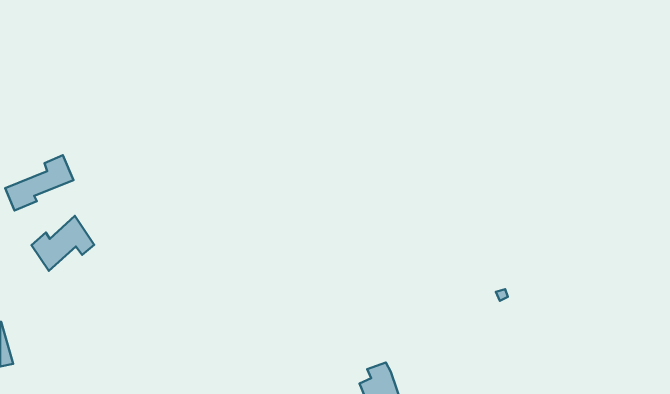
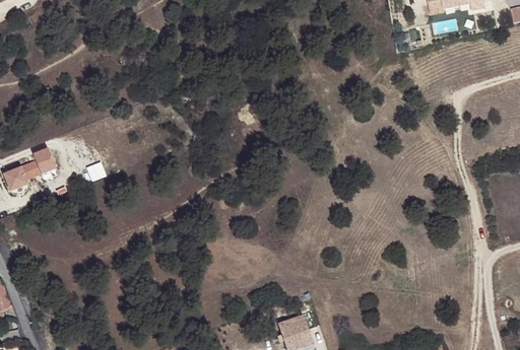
building: [32,216,94,271] -> none

